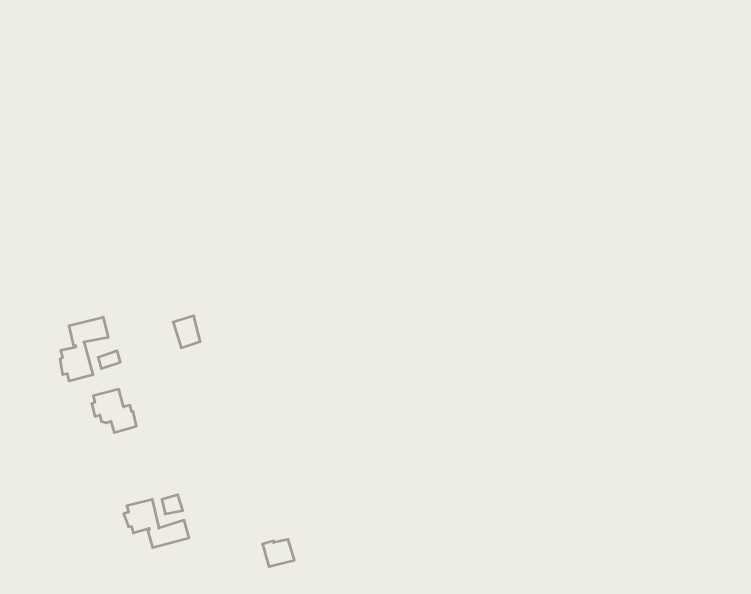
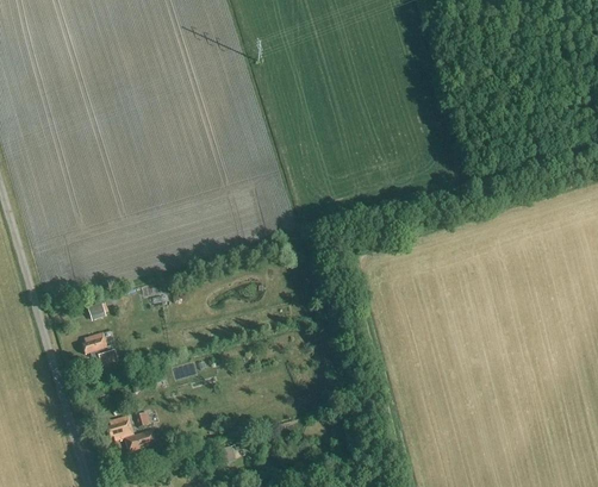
building: [60,317,108,381] -> none

